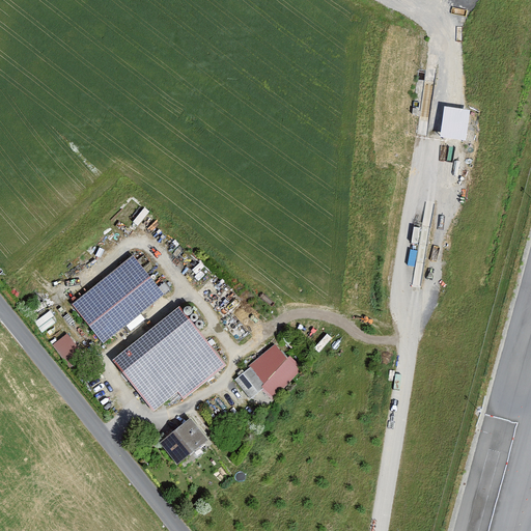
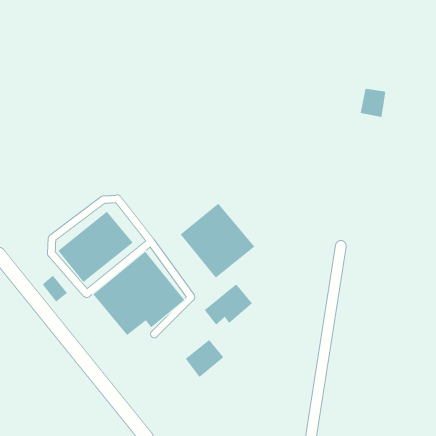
building: none -> [180,203,255,278]
building: [159,418,206,465] -> [185,339,224,378]

